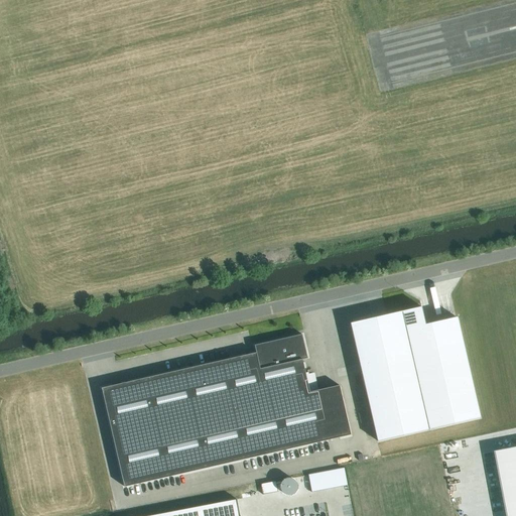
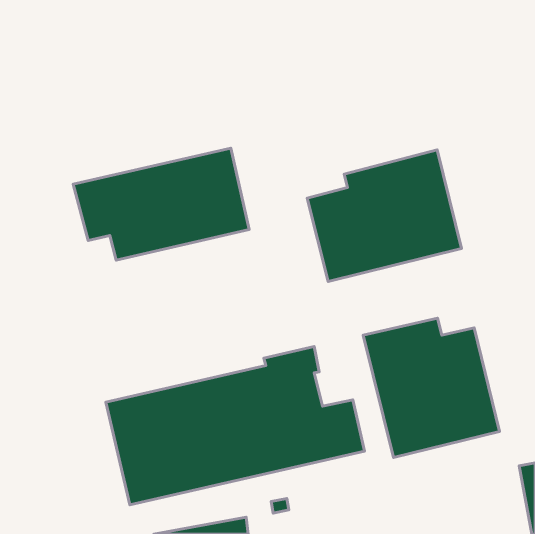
building: none -> [73,148,249,260]
building: none -> [307,150,462,281]

